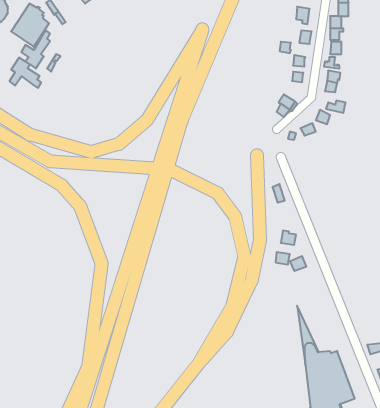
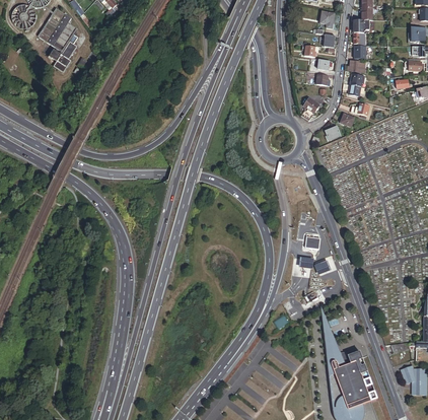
building: [10,57,41,88] -> none

